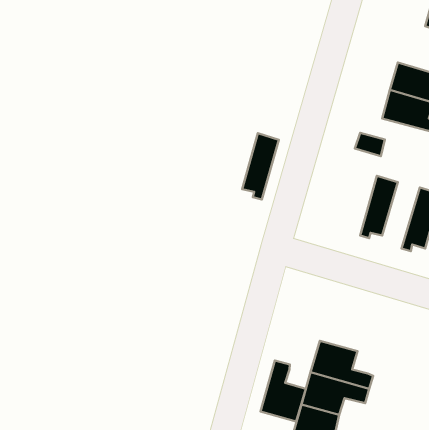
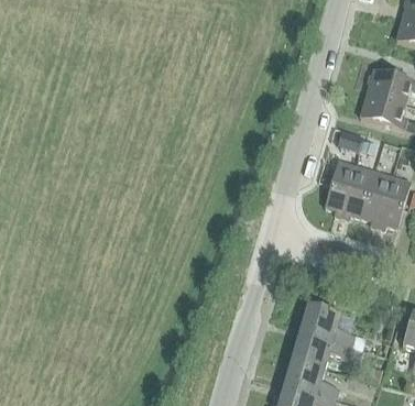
building: [242,133,279,200] -> [325,160,356,216]
building: none -> [360,171,392,227]
building: [261,360,306,421] -> none

